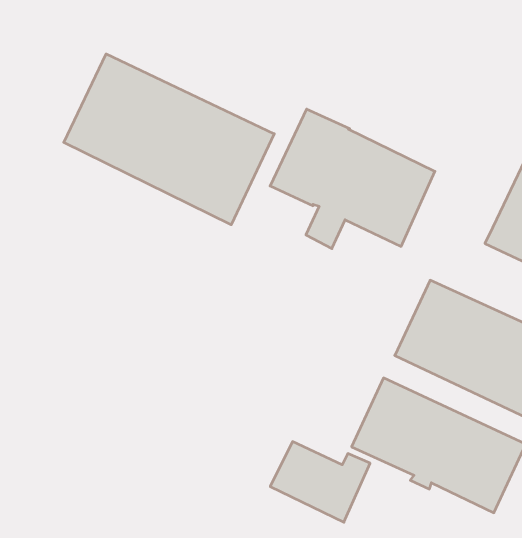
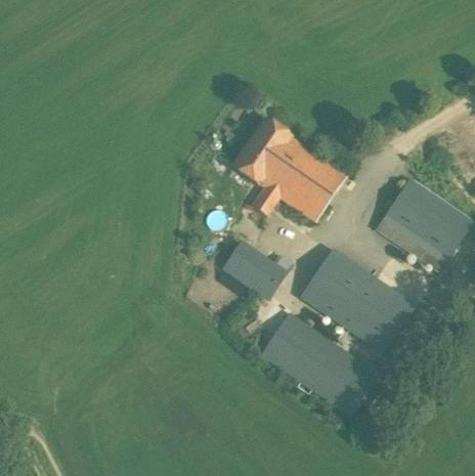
building: [64,54,274,225] -> none
building: [270,442,370,522] -> [221,240,293,301]

